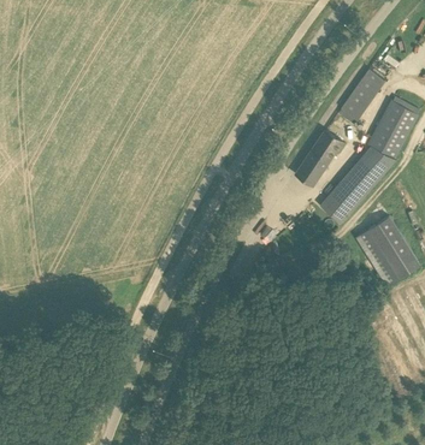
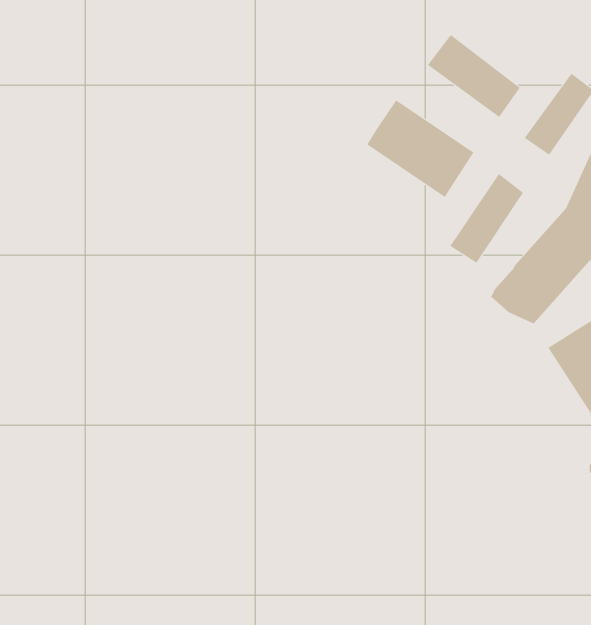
building: none -> [427,34,521,118]
building: none -> [367,99,474,198]

